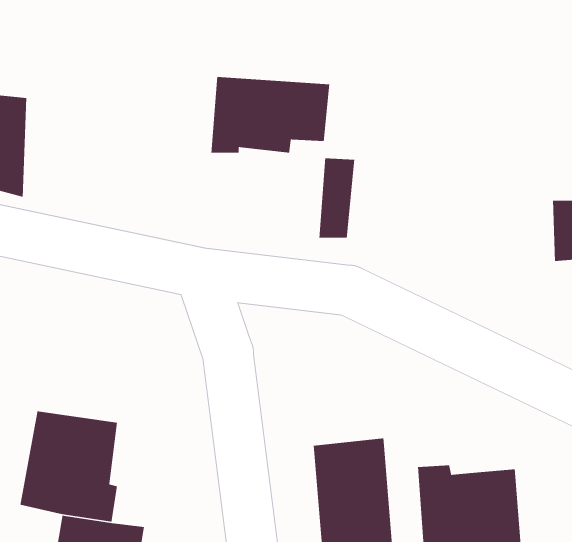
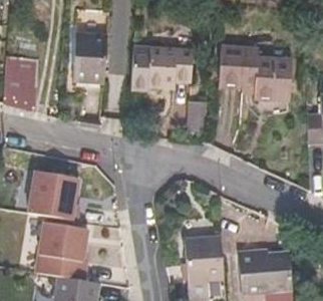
building: none -> [74,34,107,82]
building: none -> [219,45,294,101]
building: none -> [27,170,79,220]

